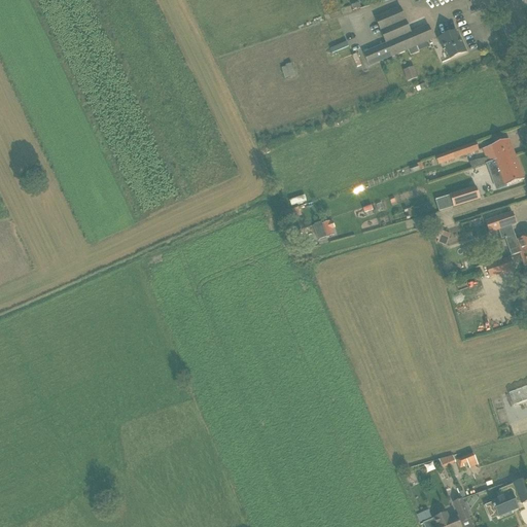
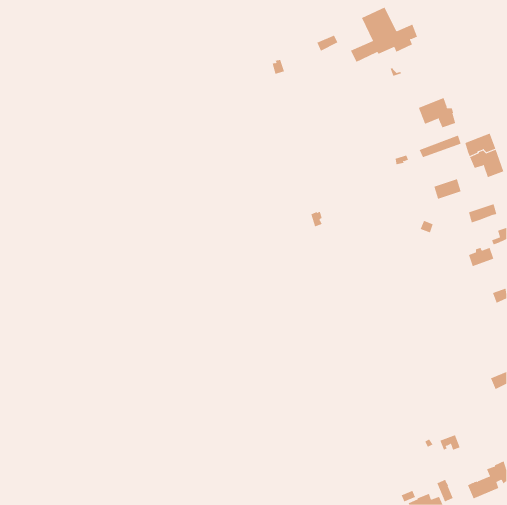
building: [437,30,466,58] -> none
building: none -> [418,97,456,128]

